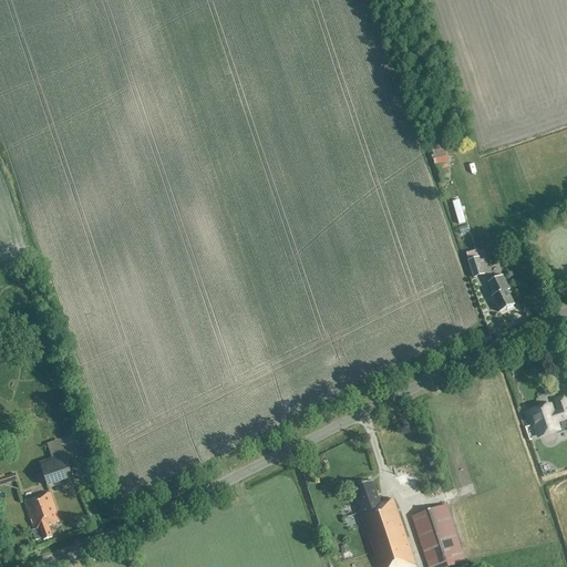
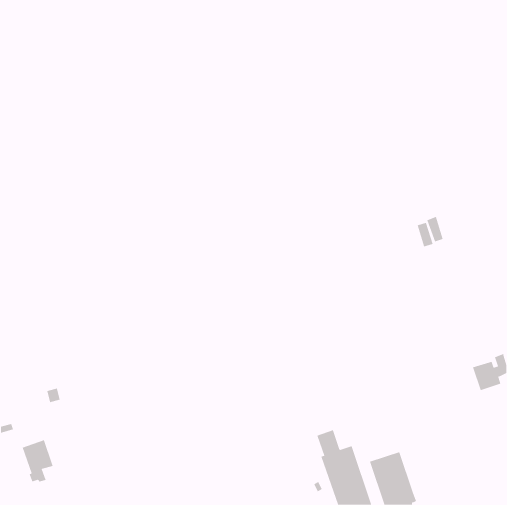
building: [488,275,514,311] -> none
building: [39,453,72,484] -> none

